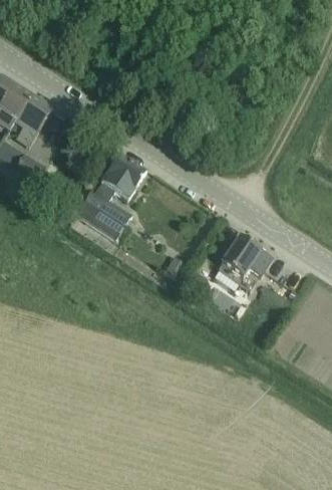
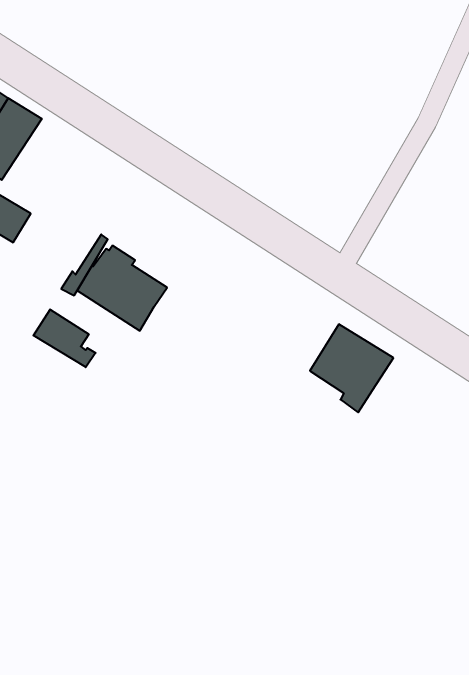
building: [96,152,145,198] -> none
building: none -> [33,309,96,367]

